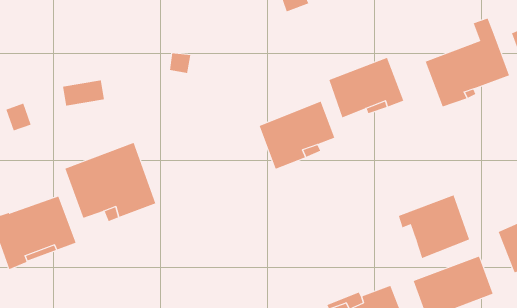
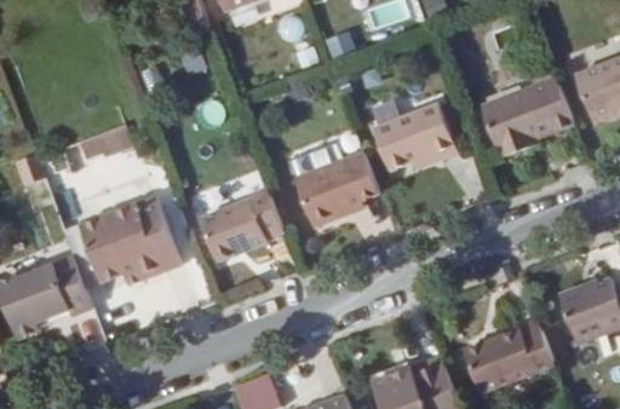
building: none -> [200,189,283,263]
building: [398,195,470,259] -> none

